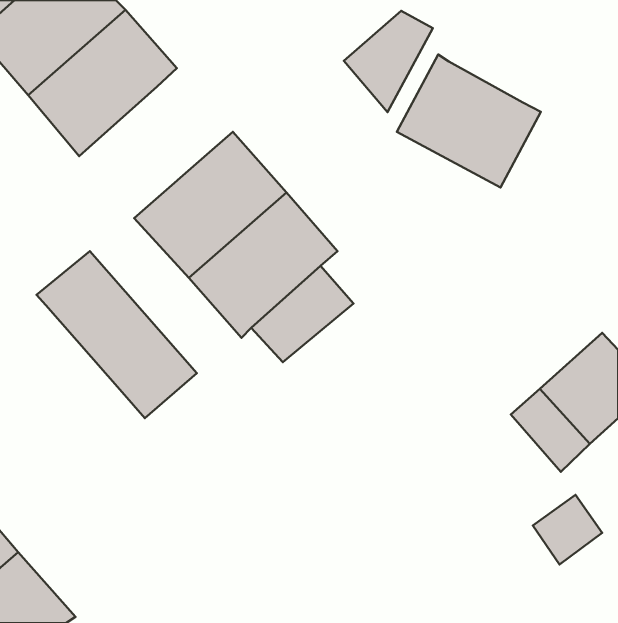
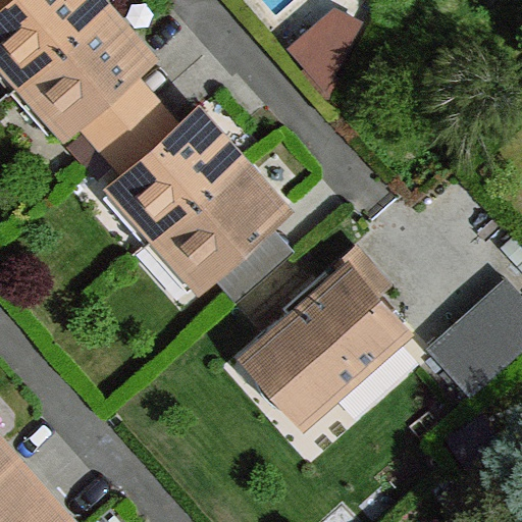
building: [397,55,541,188] -> none
building: none -> [74,72,177,176]
building: [36,251,197,418] -> none
building: none -> [258,268,400,407]

